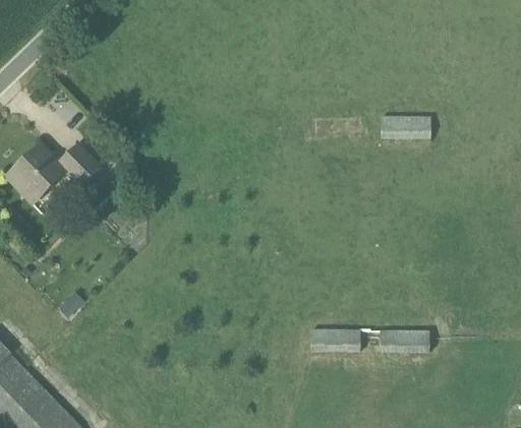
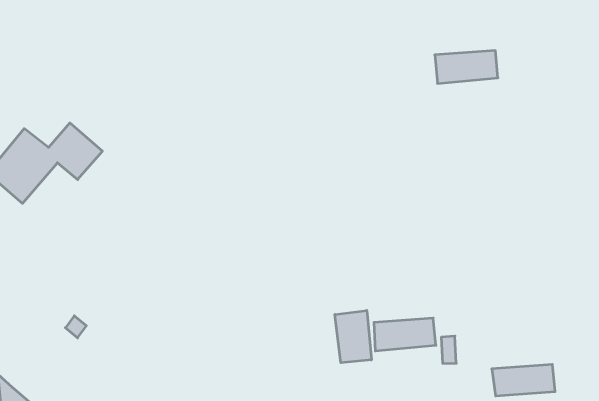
building: none -> [335,310,371,363]
building: [380,329,429,353] -> [492,364,555,396]

